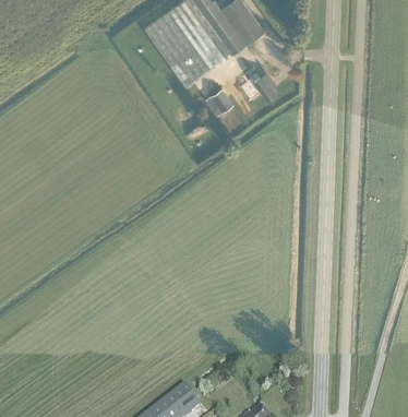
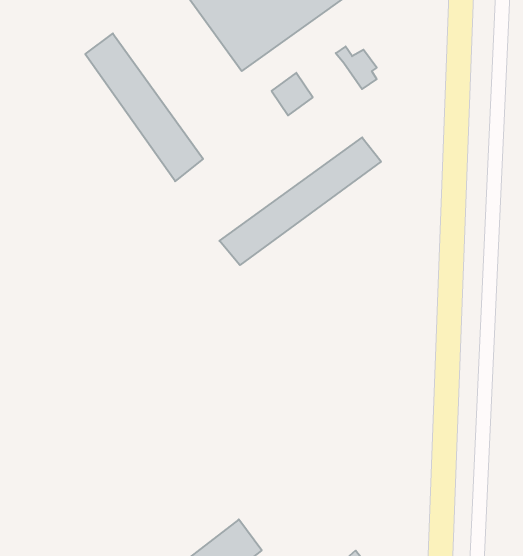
building: none -> [85,33,203,181]
building: none -> [219,137,381,265]

